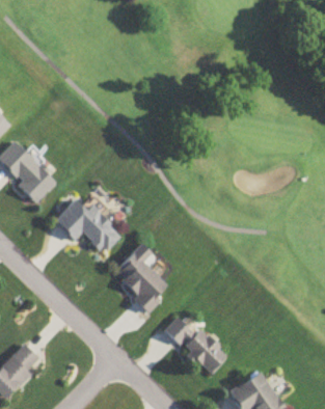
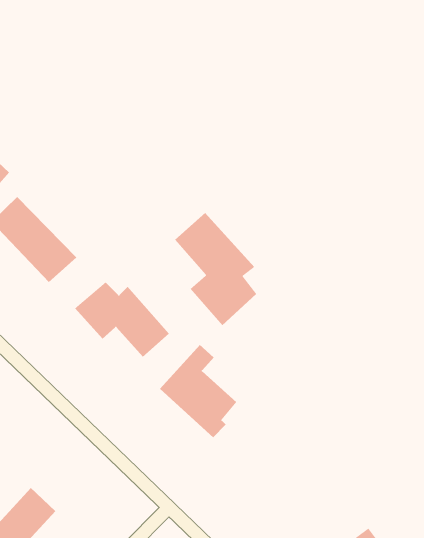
building: none -> [174,212,257,326]
building: [163,317,227,375] -> none

